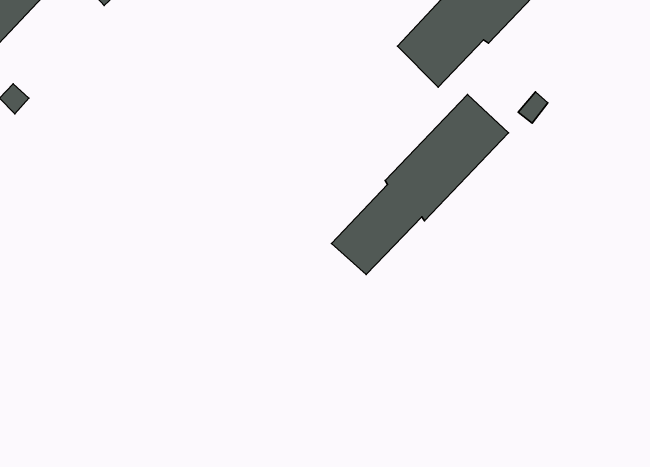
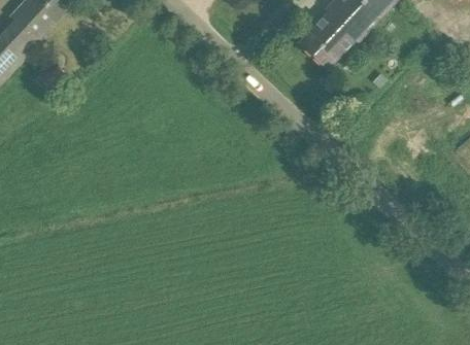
building: [331,94,508,275] -> none

